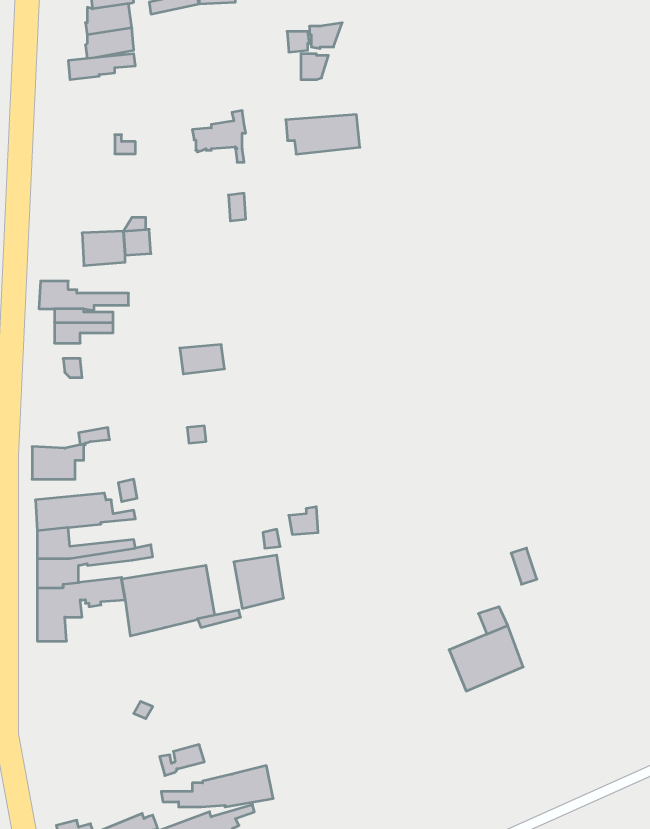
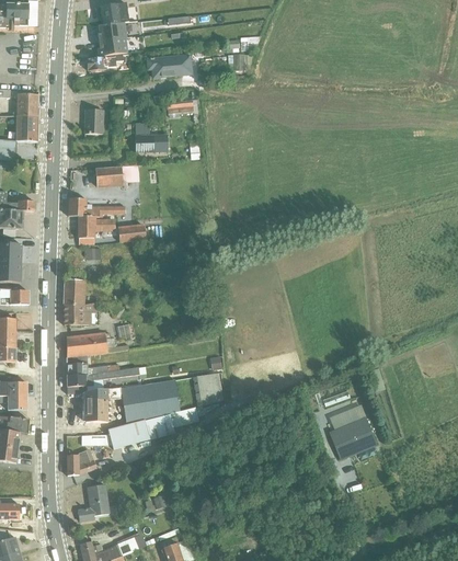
building: [286,115,360,154] -> [146,53,193,78]
building: none -> [84,108,104,133]
building: none -> [135,121,171,151]
building: [180,345,225,374] -> [117,222,146,241]
building: none -> [64,278,85,304]
building: none -> [67,447,96,474]
building: none -> [78,483,110,519]
building: [161,766,273,807] -> [81,417,152,444]

